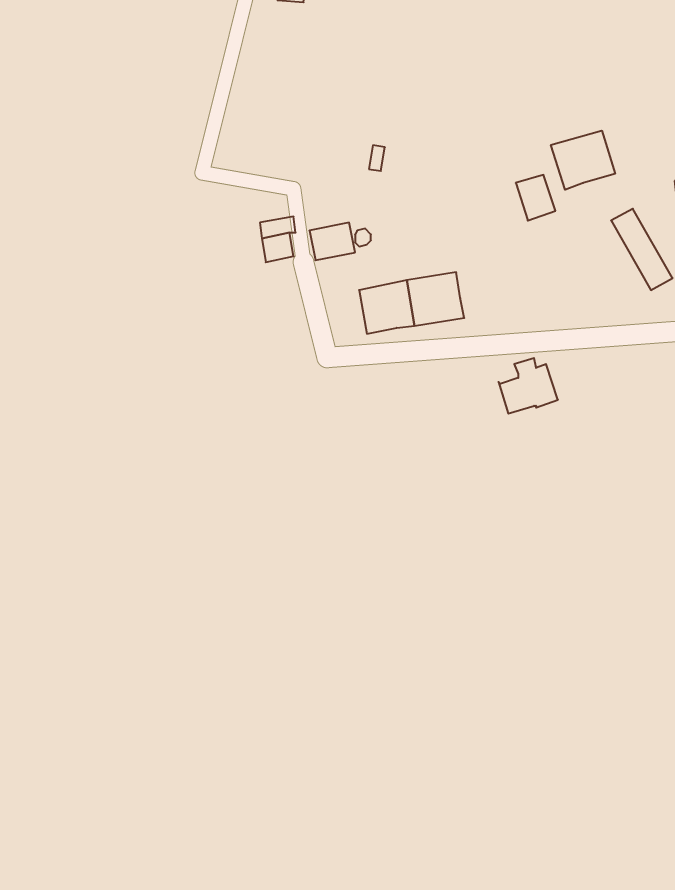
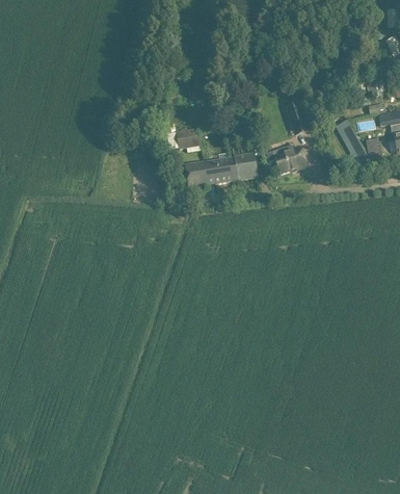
building: [551,131,615,190] -> none
building: none -> [185,161,208,187]
building: [498,358,558,414] -> [275,142,306,172]

